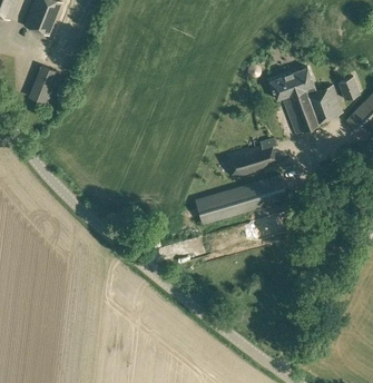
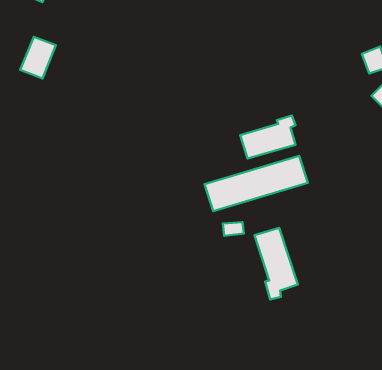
building: [269,67,343,134] -> none
building: none -> [255,228,298,299]

